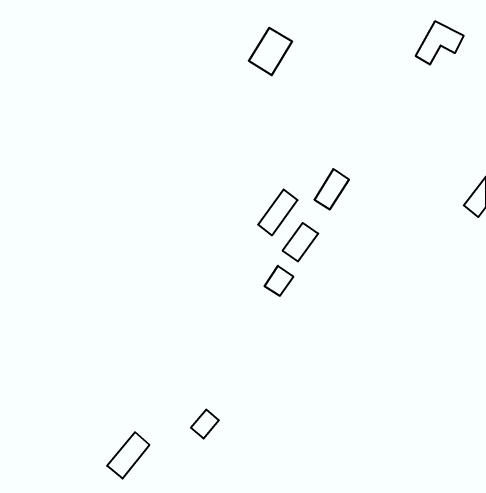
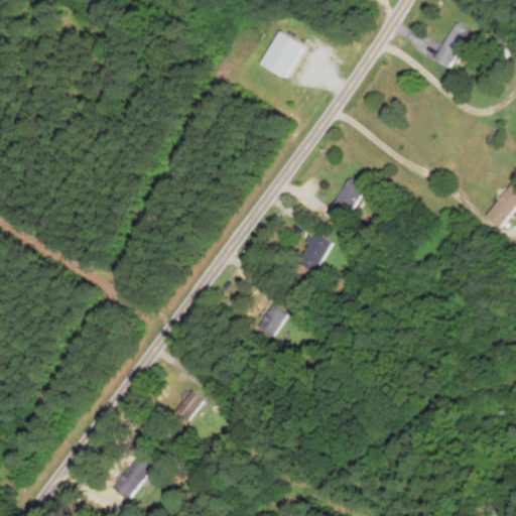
building: [258,189,298,235] -> none
building: [264,266,293,296] -> [258,303,288,335]
building: [191,410,219,439] -> [176,389,206,419]

